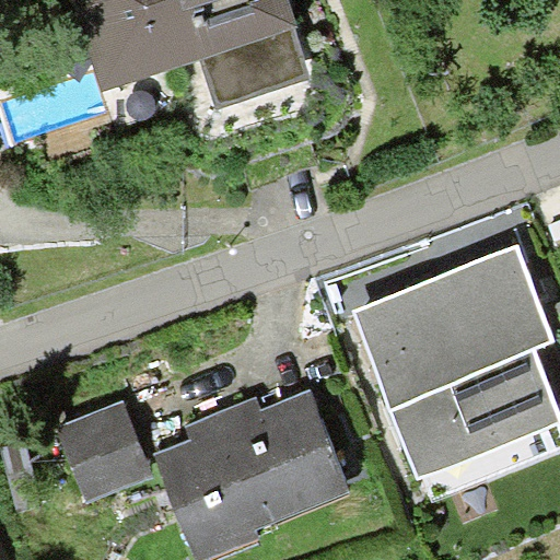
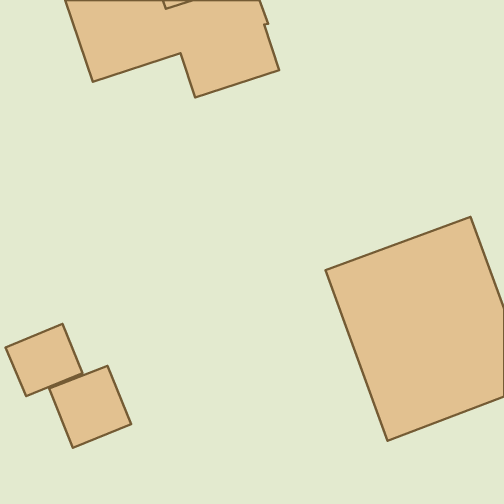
building: none -> [5,324,83,396]
building: [152,394,341,544] -> none

